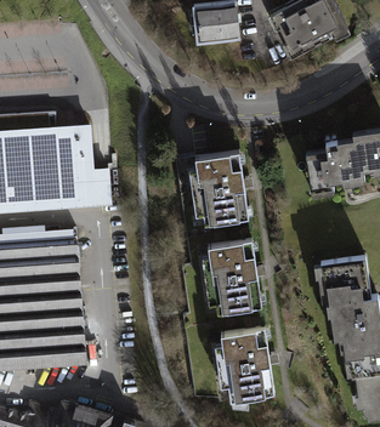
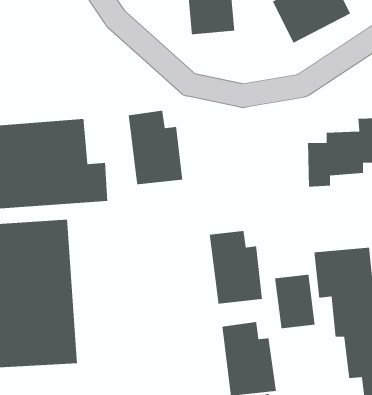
building: [195,146,249,218] -> [128,110,183,185]
building: none -> [274,274,316,329]

